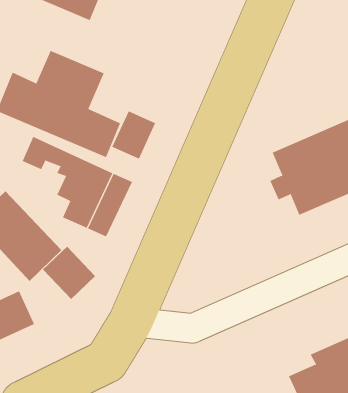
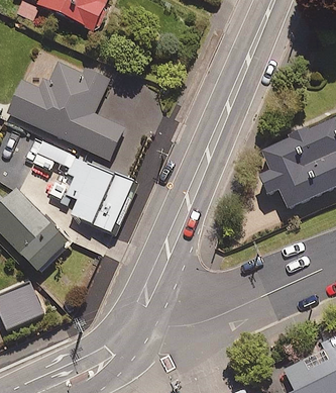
building: [112,111,156,159] -> none
building: [42,246,96,300] -> none

